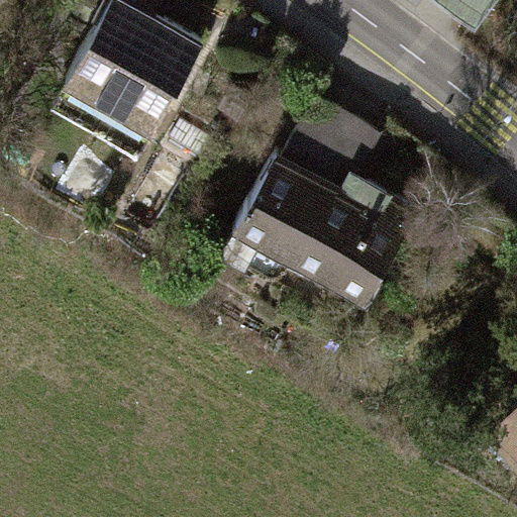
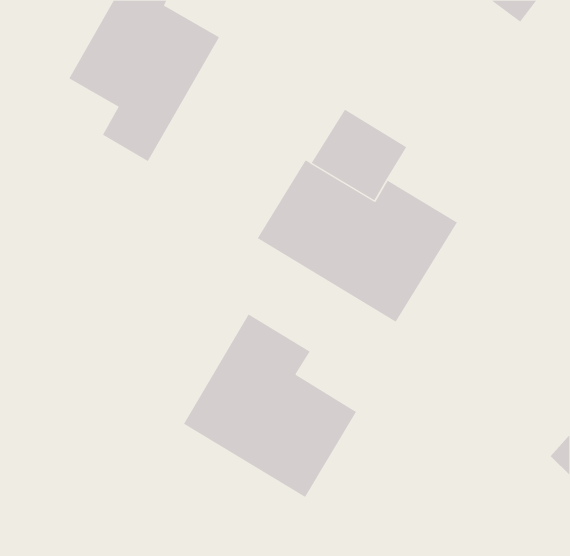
building: none -> [183,314,357,498]

